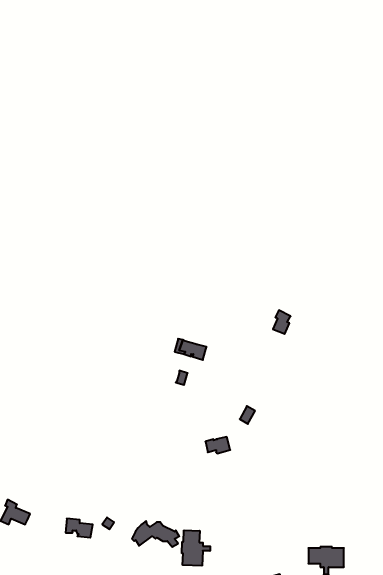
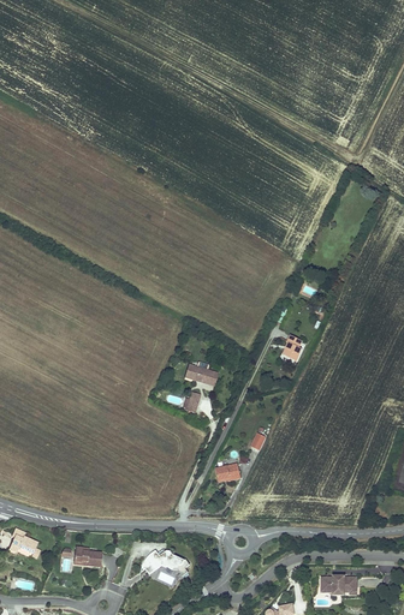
building: [182,530,210,566] -> none

